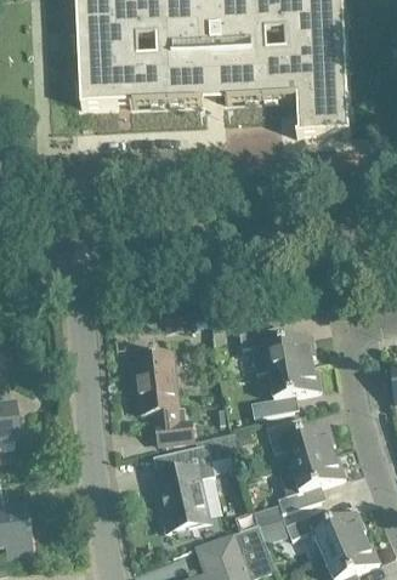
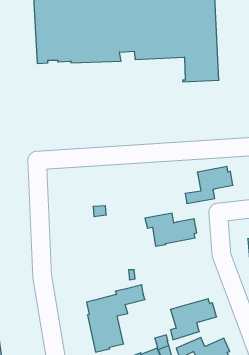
building: [134,352,193,444] -> none
building: [251,363,322,417] -> [185,166,233,203]
building: [265,420,334,465] -> none

